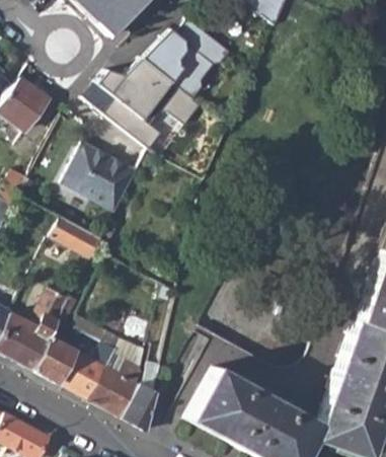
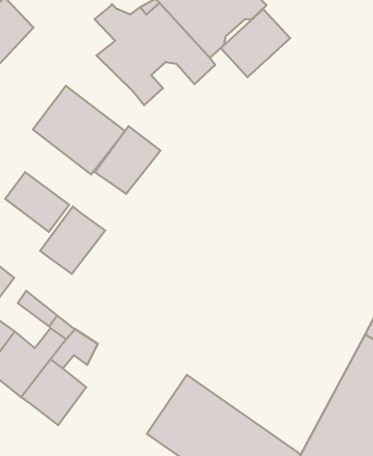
building: none -> [221,9,290,77]
building: none -> [95,126,160,194]
building: none -> [40,206,105,274]
building: [121,381,156,432] -> none

